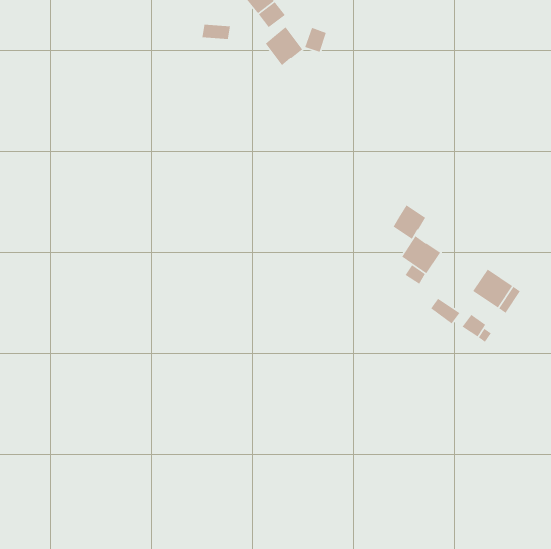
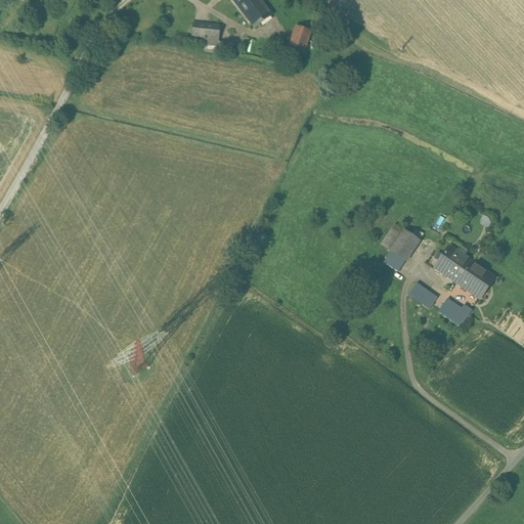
building: [265,27,303,66] -> none
building: [392,205,426,240] -> none
building: none -> [434,246,463,276]

